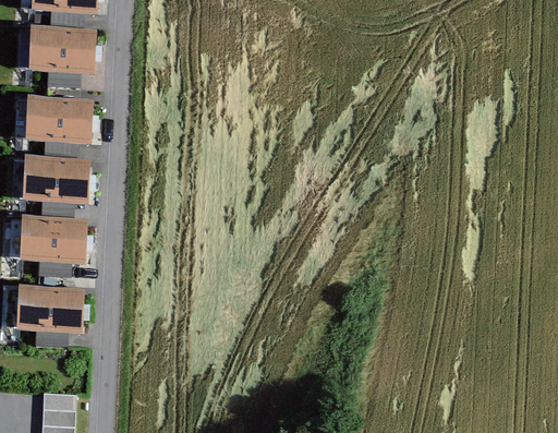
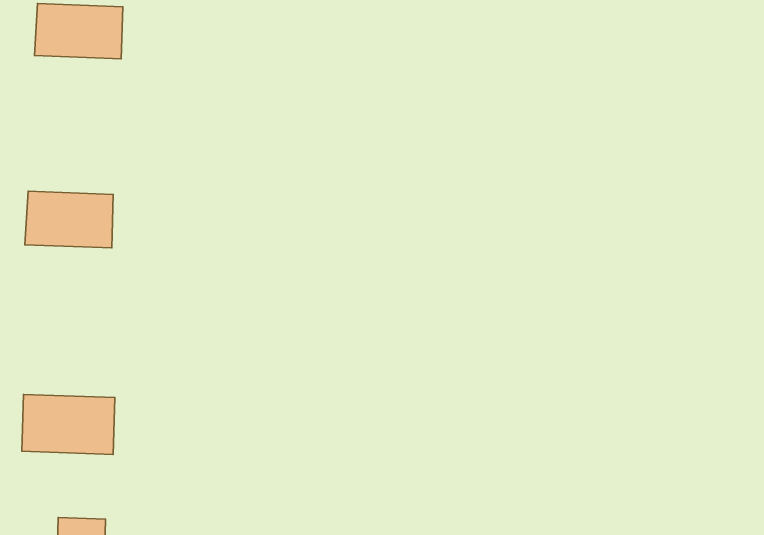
building: [25,99,86,139] -> none
building: [20,220,81,260] -> none

